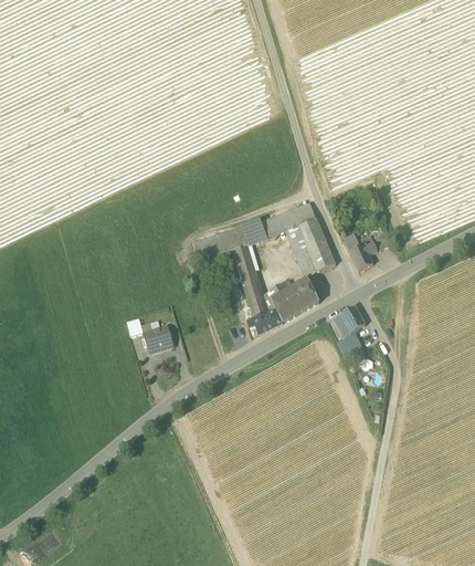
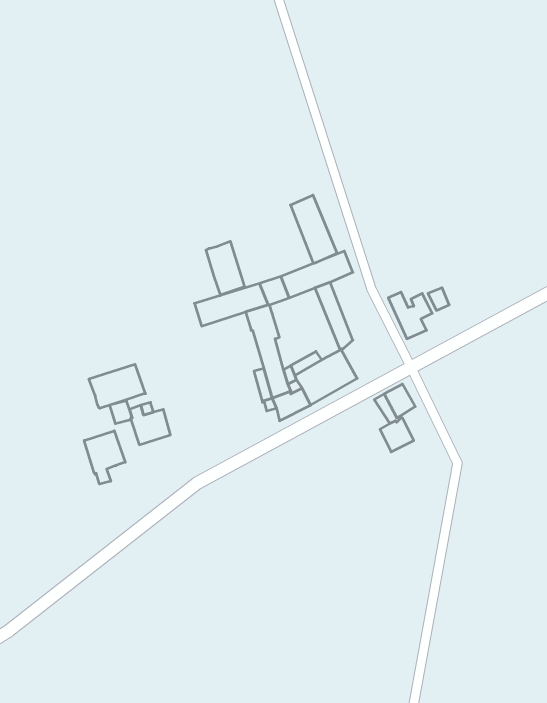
building: none -> [206,241,244,296]
building: [298,219,335,272] -> [290,195,337,263]
building: none -> [89,364,146,408]
building: none -> [84,431,125,484]

